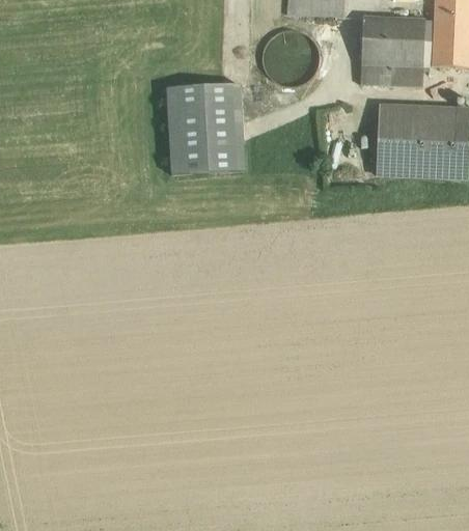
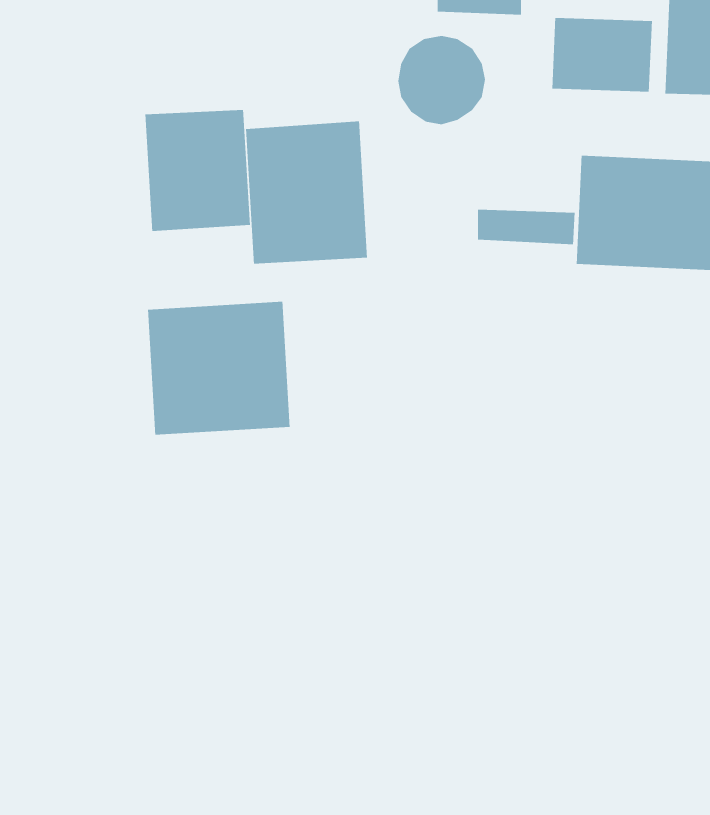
building: [360,62,422,85] -> [477,209,575,245]
building: none -> [144,109,251,232]
building: none -> [147,301,291,436]

